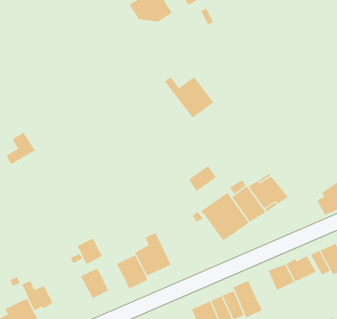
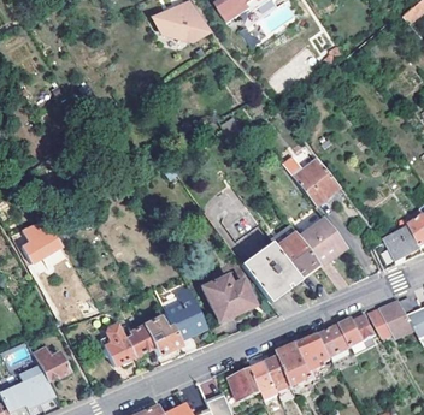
building: [164,76,214,118] -> [279,156,338,206]
building: [6,132,36,165] -> [25,220,60,259]
building: none -> [201,274,254,320]
building: [77,238,103,264] -> [123,324,153,355]
building: none -> [298,333,331,369]

